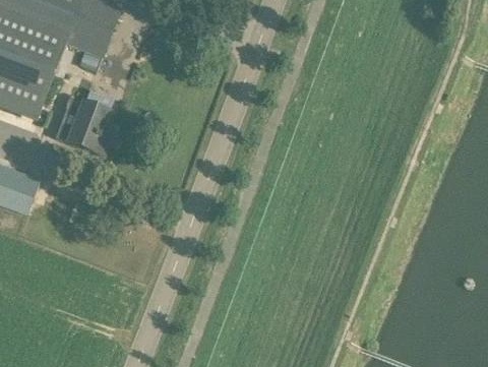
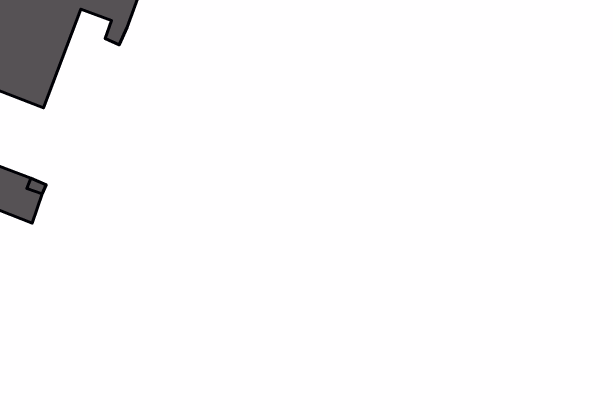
building: [54,97,110,156] -> none

